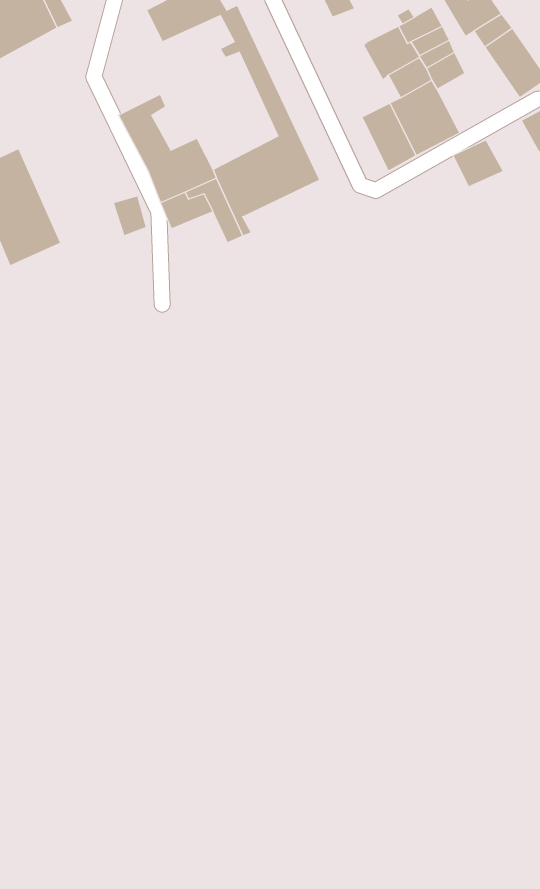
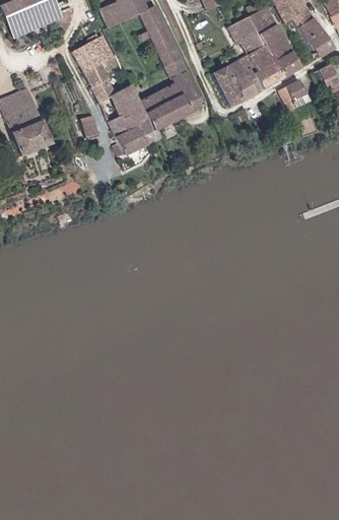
building: none -> [74,32,116,68]
building: none -> [270,44,298,78]
building: none -> [211,67,242,107]
building: none -> [116,124,148,152]

